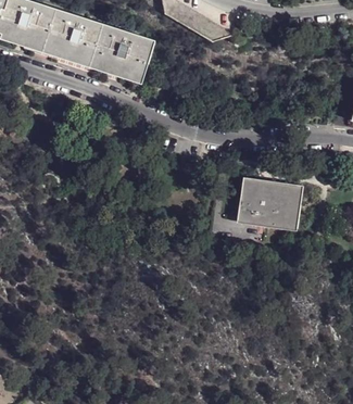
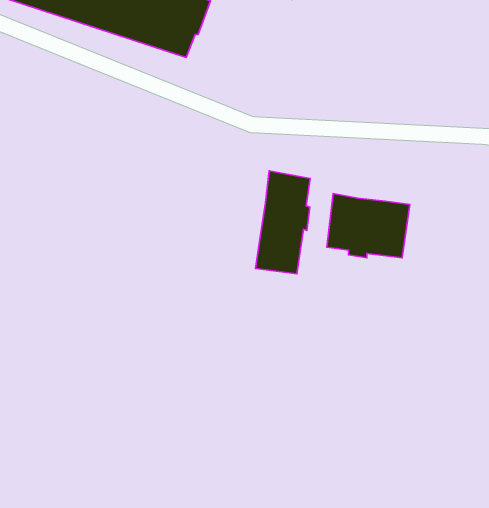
building: none -> [255,171,310,274]

